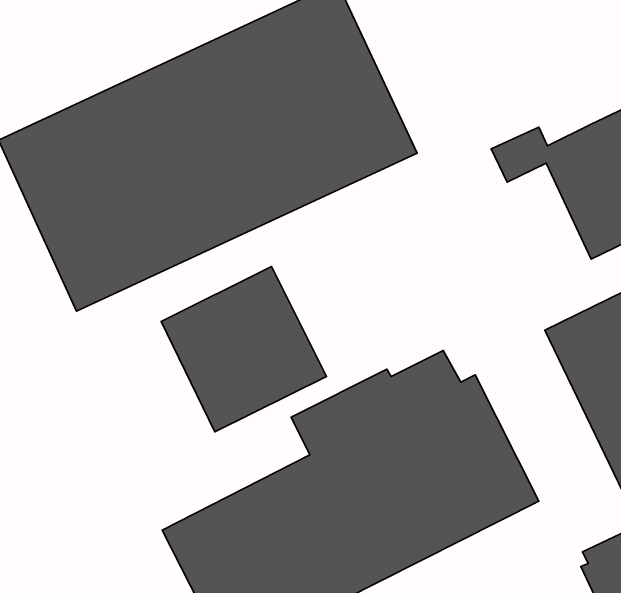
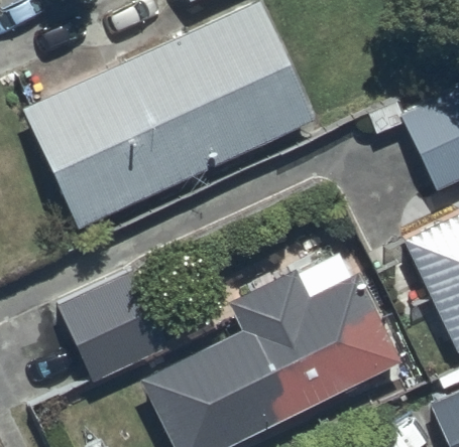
building: [161,266,327,432] -> [58,268,173,383]

